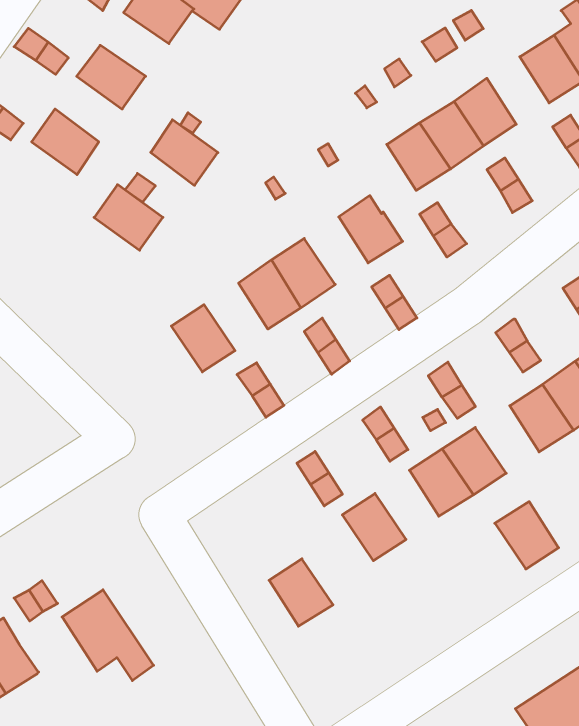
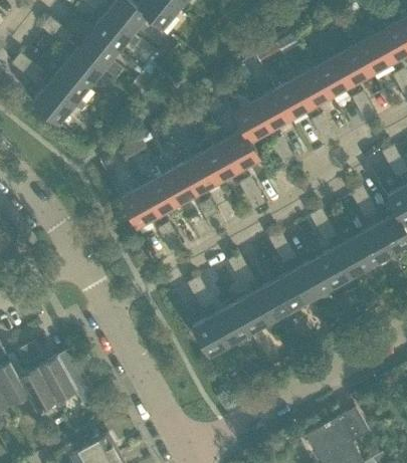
building: none -> [92,14,133,52]
building: none -> [317,57,352,96]
building: [151,120,218,185] -> [63,49,103,88]
building: none -> [234,102,270,143]
building: [94,185,163,250] -> [33,85,73,125]
building: none -> [203,143,239,182]
building: none -> [142,177,178,216]
building: none -> [233,293,269,333]
building: [495,502,559,569] -> [294,260,331,299]
building: [269,559,333,626] -> [193,316,229,356]
building: none -> [19,364,63,411]

